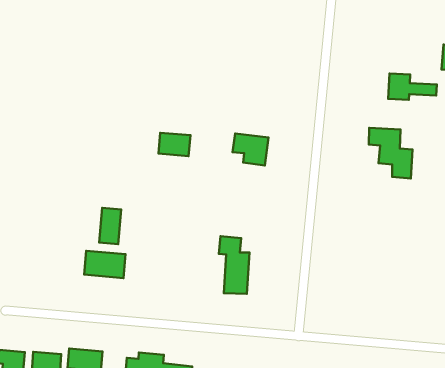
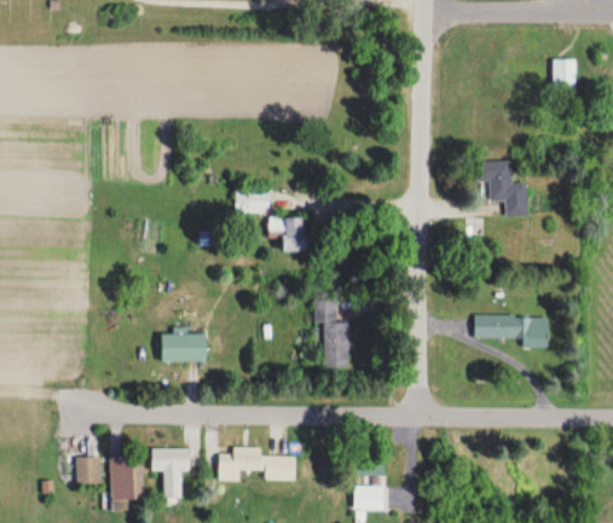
building: [388,73,437,100] -> none
building: [233,134,268,165] -> [268,219,308,252]
building: [99,208,121,244] -> none
building: none -> [474,316,549,347]

